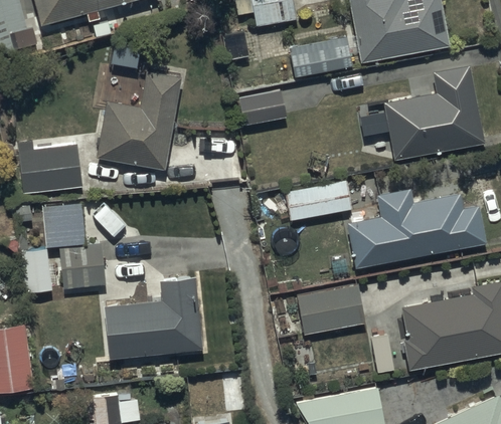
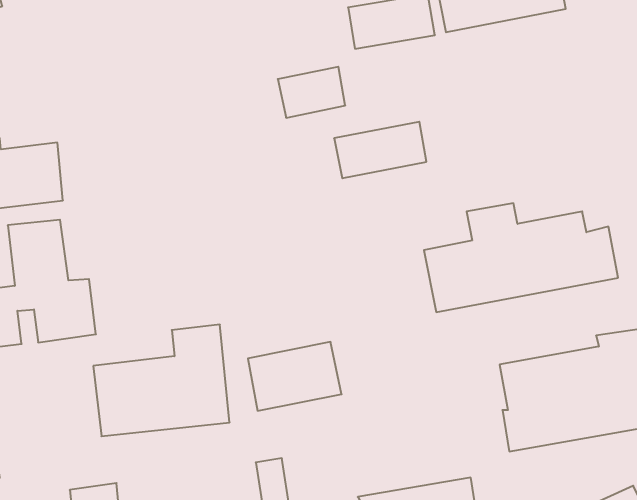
building: [382,66,485,161] -> none
building: [96,71,182,171] -> none
building: [285,180,352,221] -> [334,122,426,178]
building: [297,285,365,336] -> [248,342,342,411]

